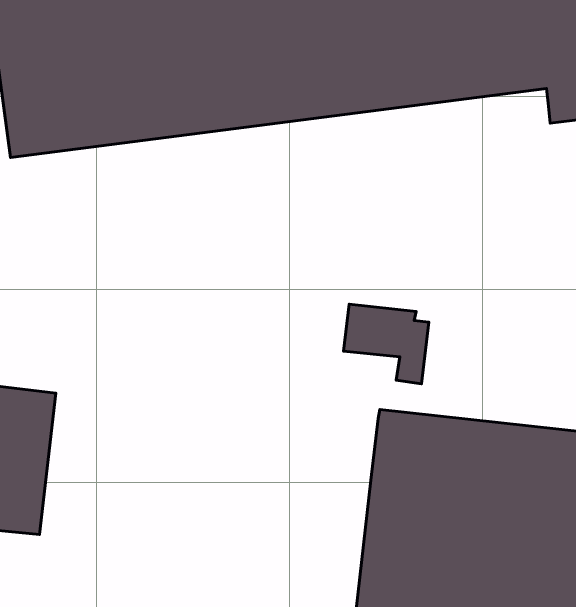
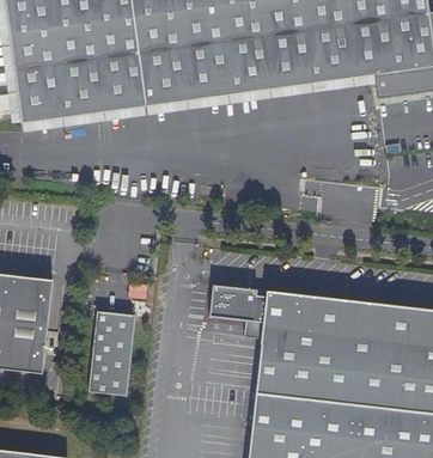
building: [344,304,429,384] -> [208,283,264,336]
building: none -> [90,315,136,398]

